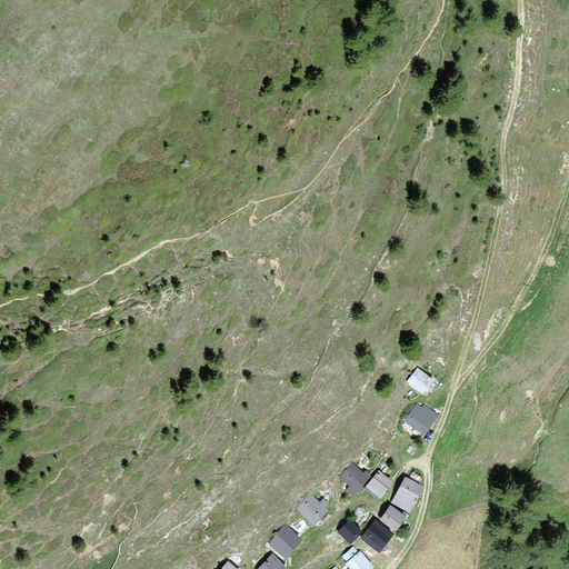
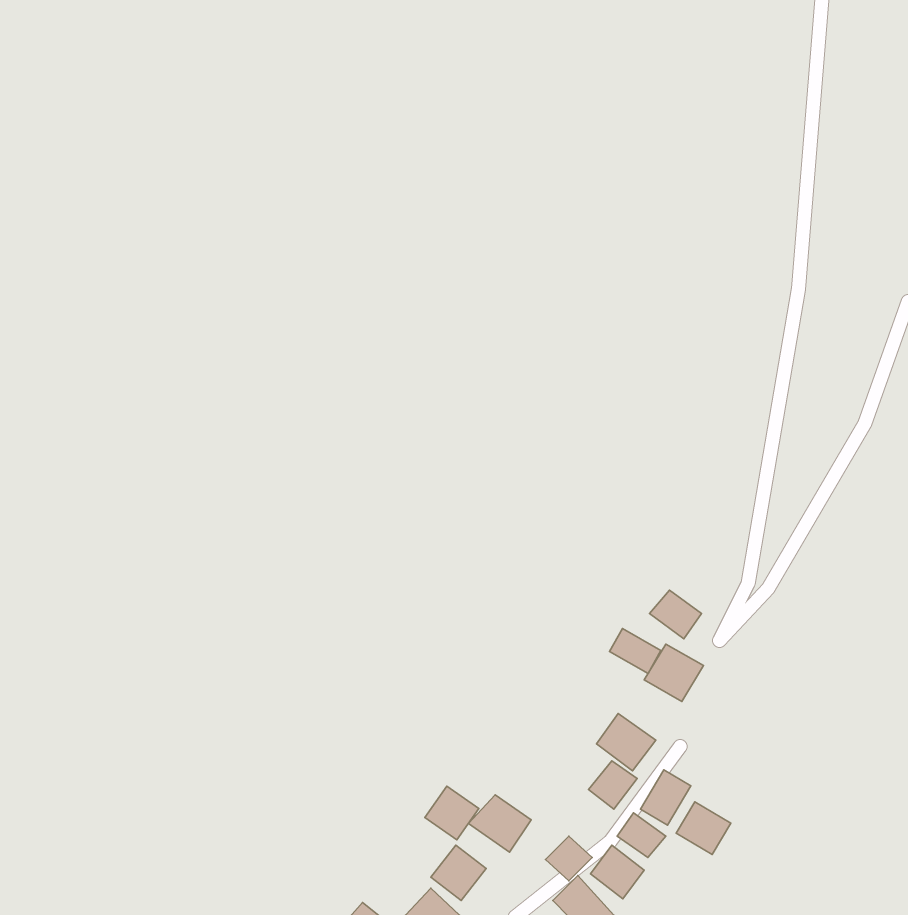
building: none -> [609,629,661,674]
building: [333,461,370,497] -> [597,713,656,771]
building: none -> [425,786,479,840]
building: none -> [676,802,731,854]

